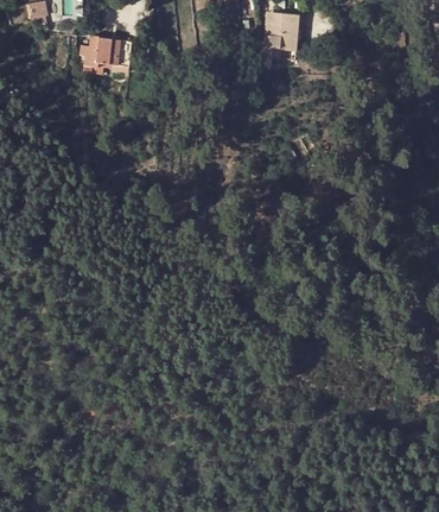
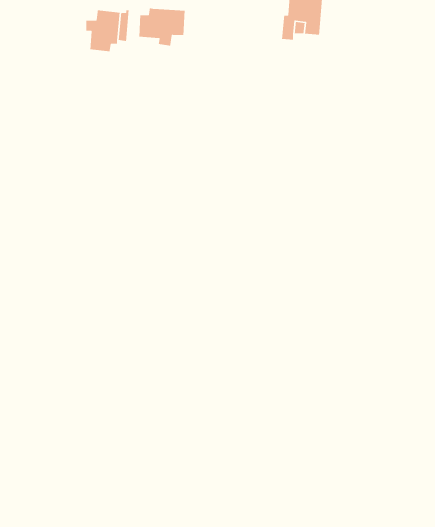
building: none -> [139,7,185,47]

